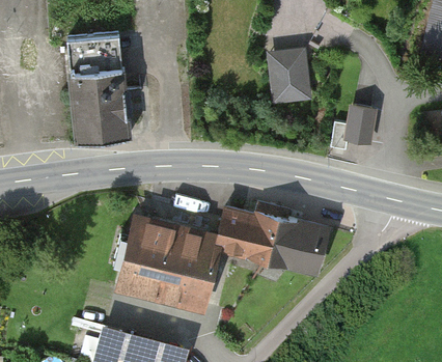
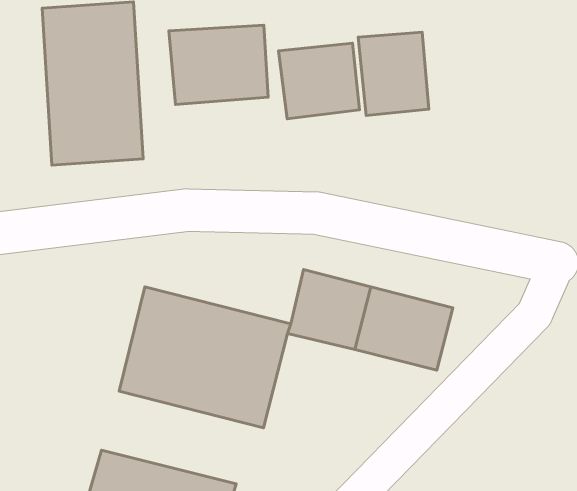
building: none -> [169,25,268,104]
building: none -> [278,43,359,119]
building: [331,107,374,151] -> none

